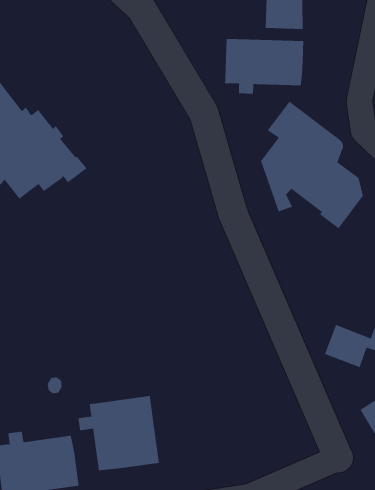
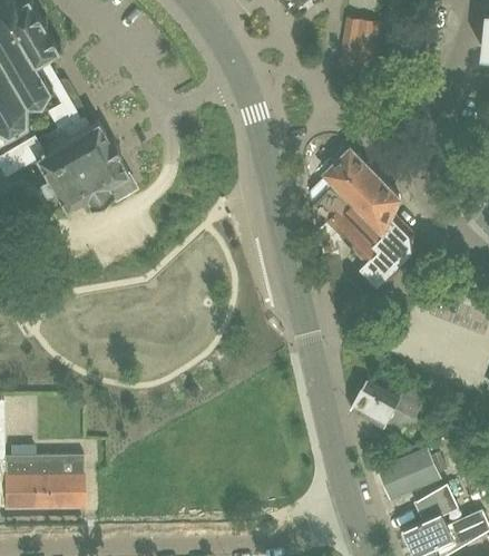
building: [225,38,304,94] -> none
building: [78,395,159,471] -> none

